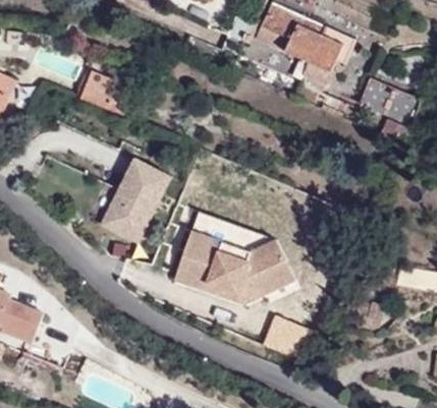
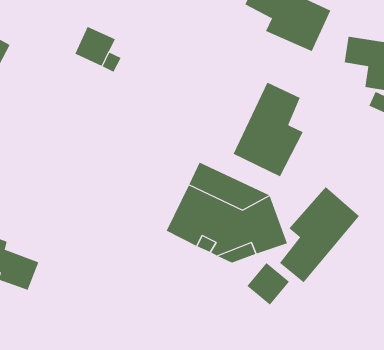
building: none -> [233,82,304,177]
building: [99,153,171,238] -> none
building: none -> [279,186,360,283]

